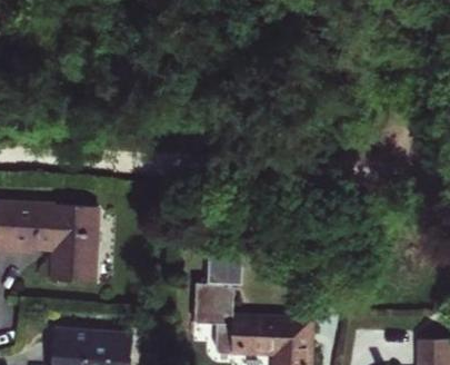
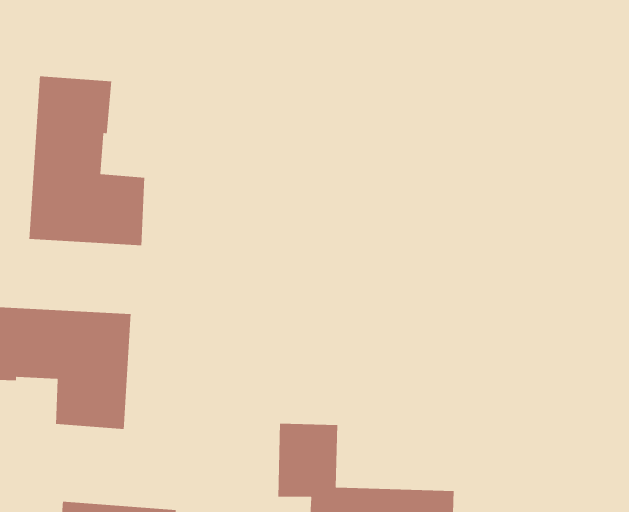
building: none -> [28,76,145,246]

